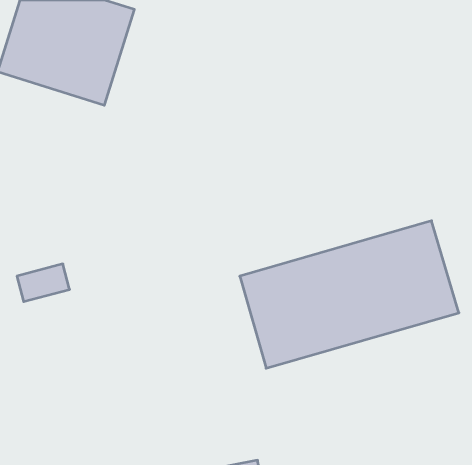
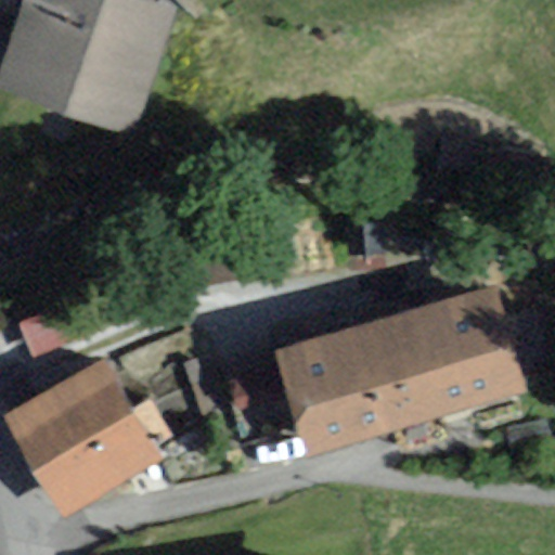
building: none -> [11,345,159,498]

